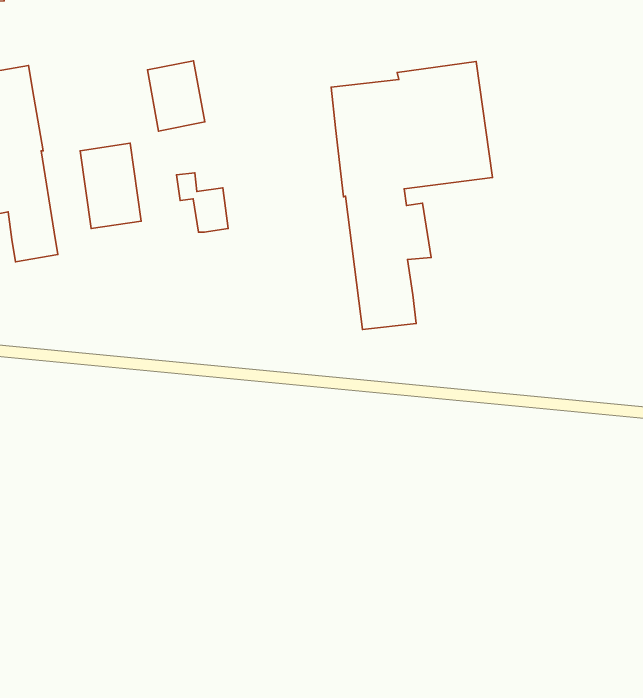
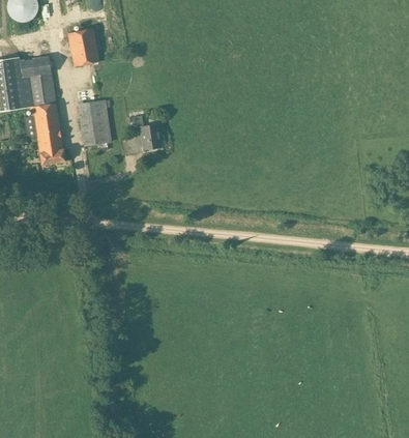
building: [147,61,205,131] -> [67,27,99,66]
building: [331,62,493,329] -> none

